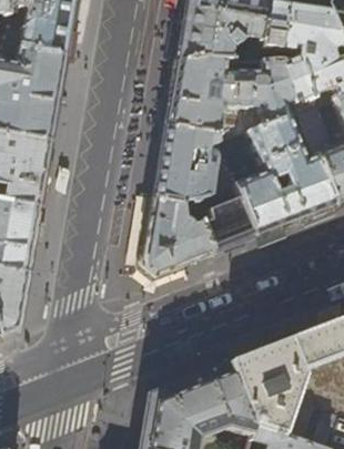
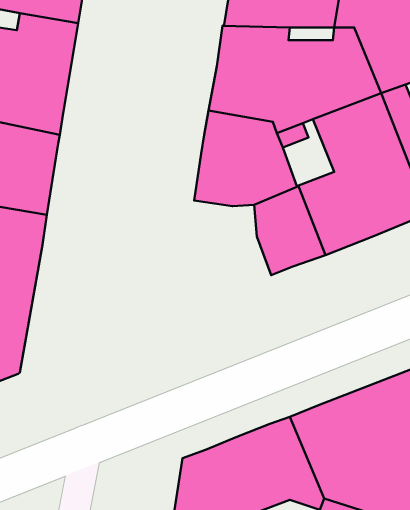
building: [141,195,213,276] -> none

